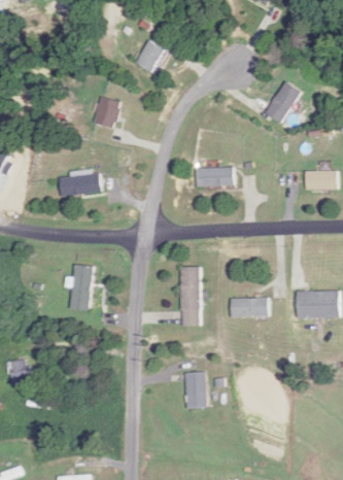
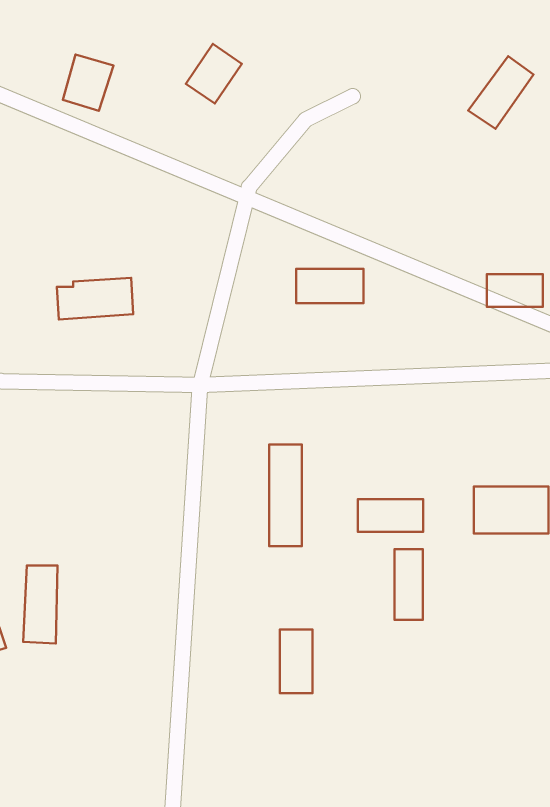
building: [264,81,301,123] -> [468,56,533,129]
building: [94,96,123,128] -> [63,54,113,111]
building: [71,265,91,309] -> [23,566,58,644]
building: none -> [394,549,423,620]

